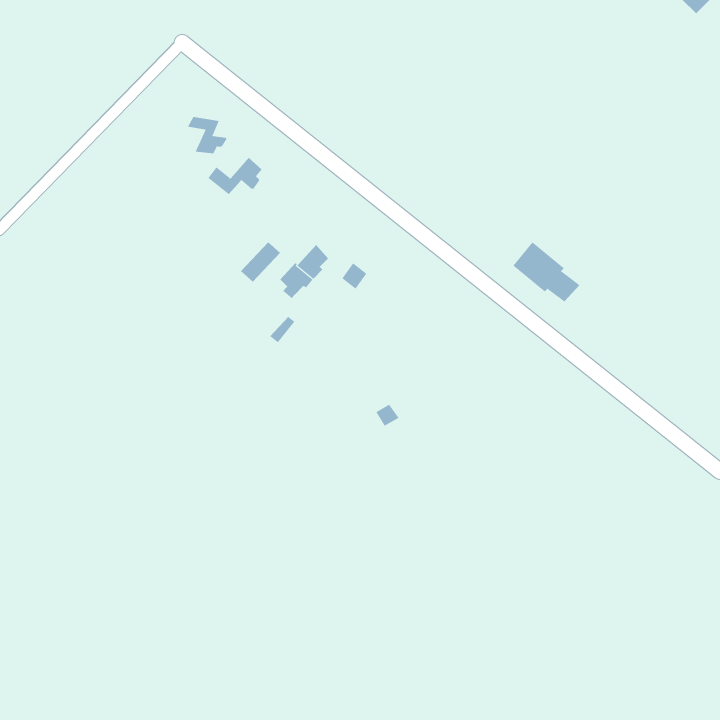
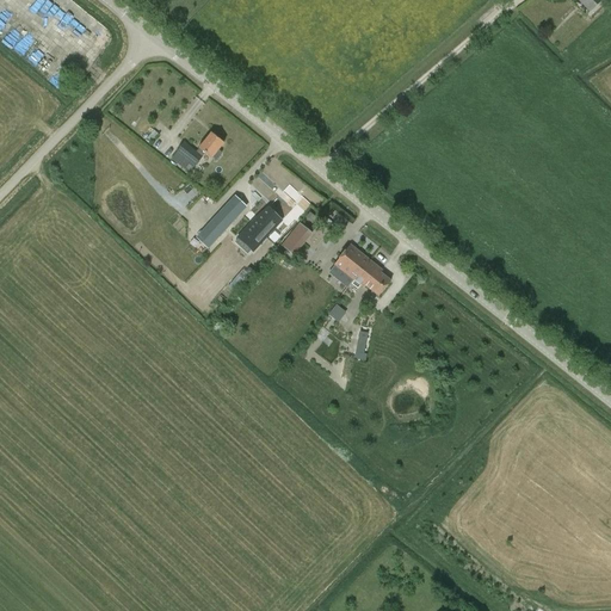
building: [187,116,227,154] -> none
building: [512,241,580,302] -> [333,243,390,295]

